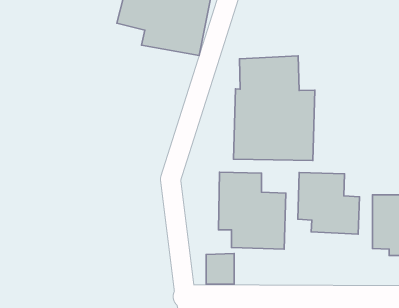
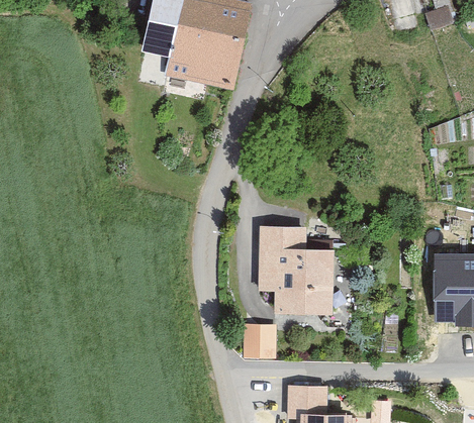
building: [233,56,315,160] -> none
building: [298,172,360,234] -> none

